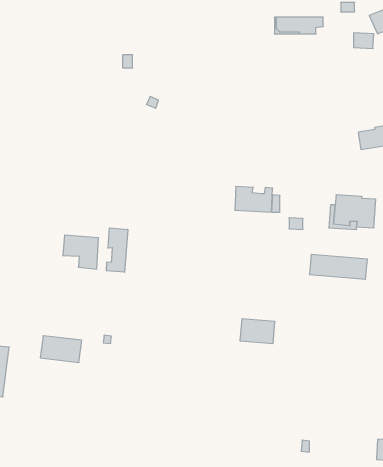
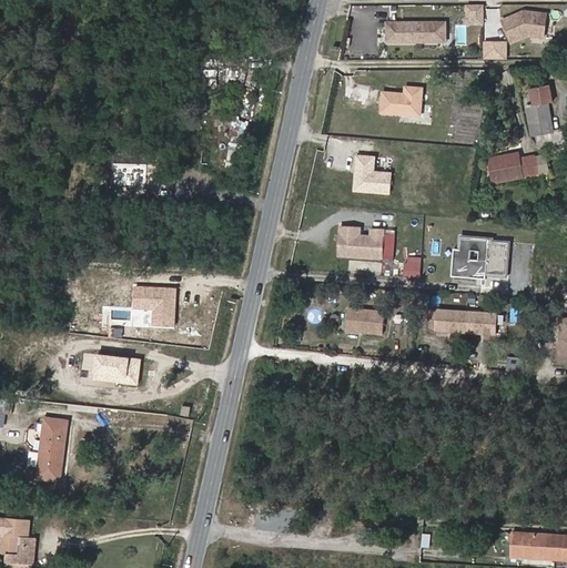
building: none -> [379,84,422,113]
building: none -> [352,158,388,196]
building: [106,228,128,272] -> none
building: [240,319,275,344] -> [343,306,385,336]
building: [40,336,82,362] -> [90,354,140,386]

